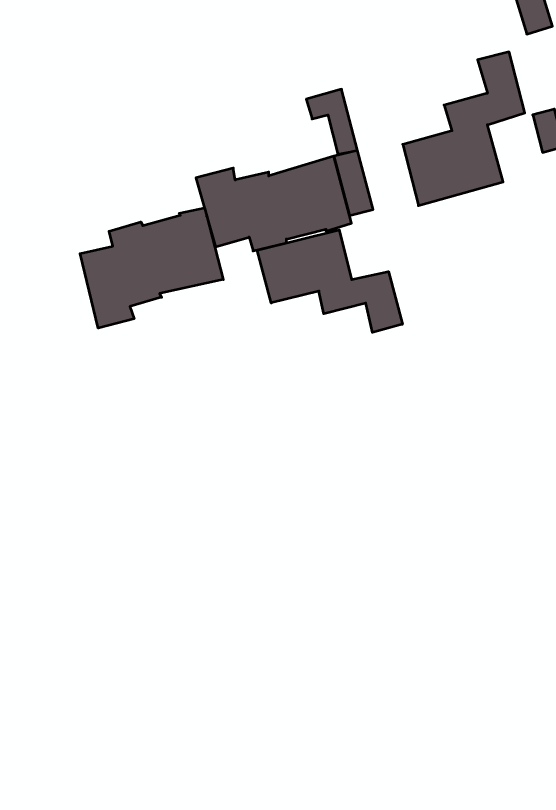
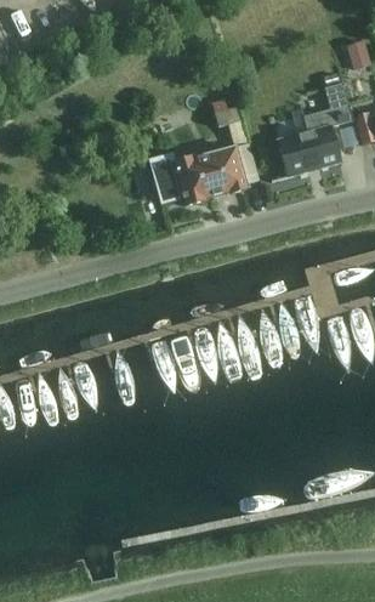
building: [80,208,223,328] -> none
building: [257,230,402,332] -> none

